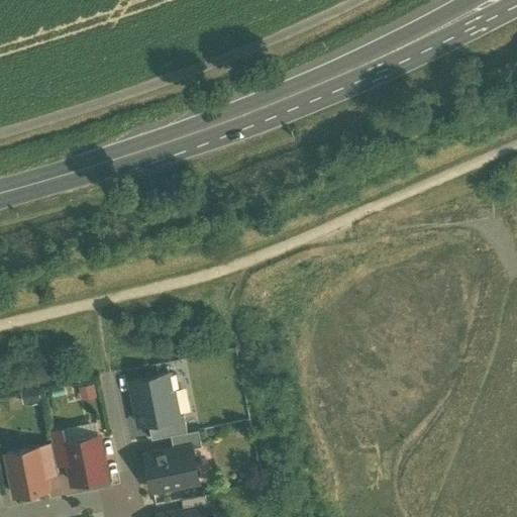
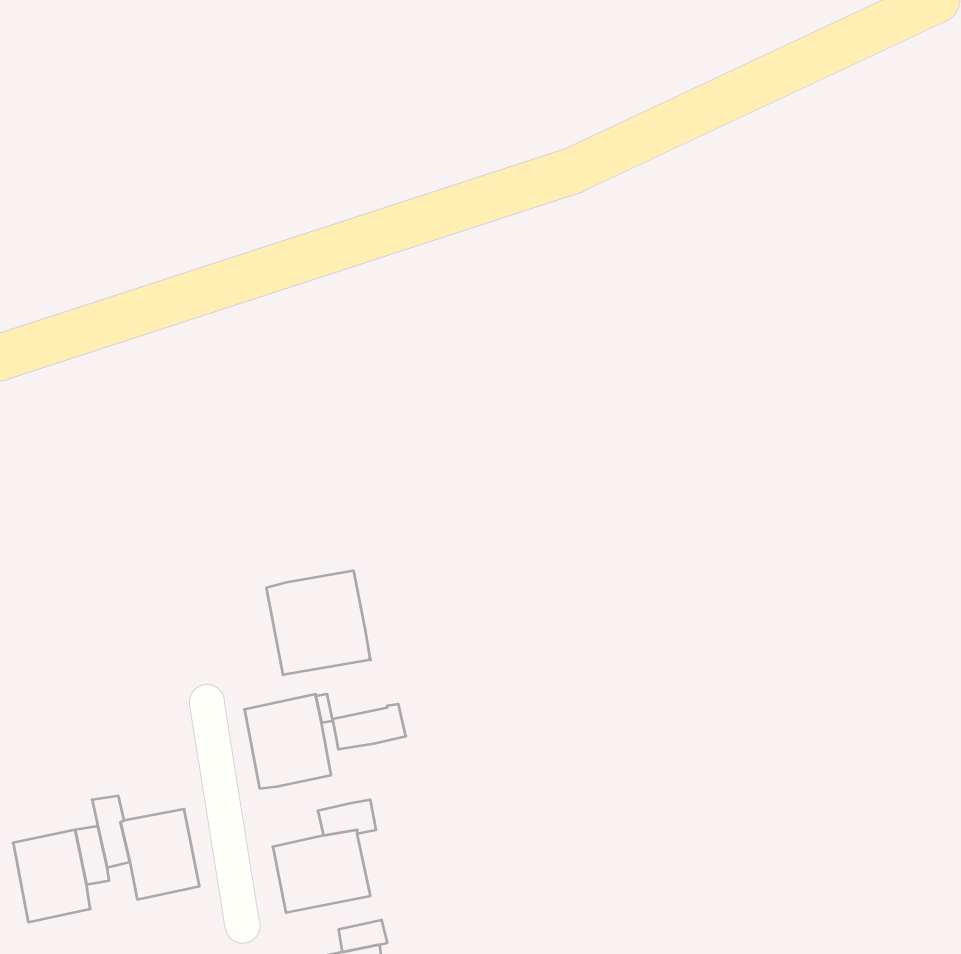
building: none -> [267,571,371,675]
building: [148,418,188,442] -> [333,704,406,749]

